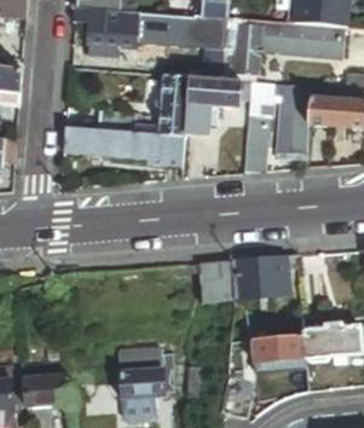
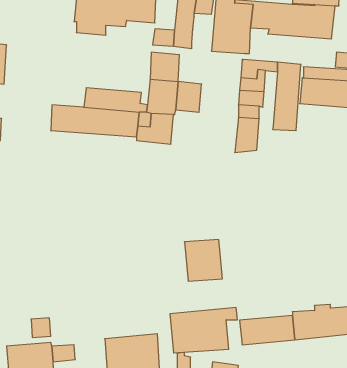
building: [190,76,242,106] -> none
building: [230,253,296,297] -> [170,308,237,353]

